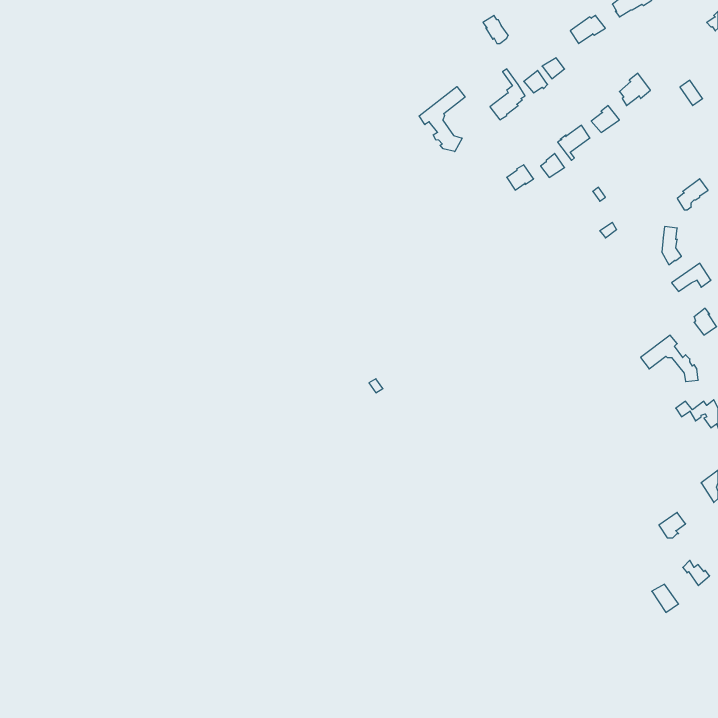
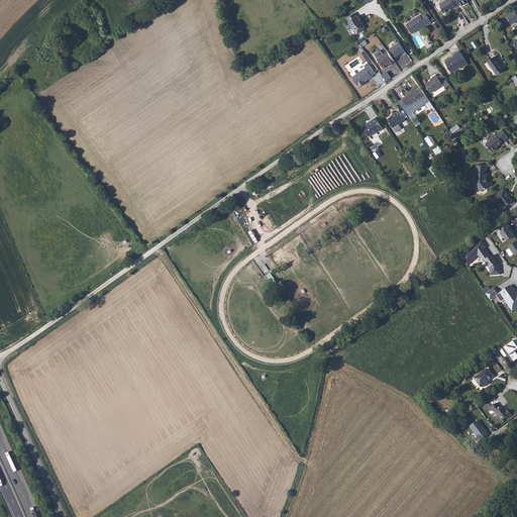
building: [419,87,465,152] -> none

